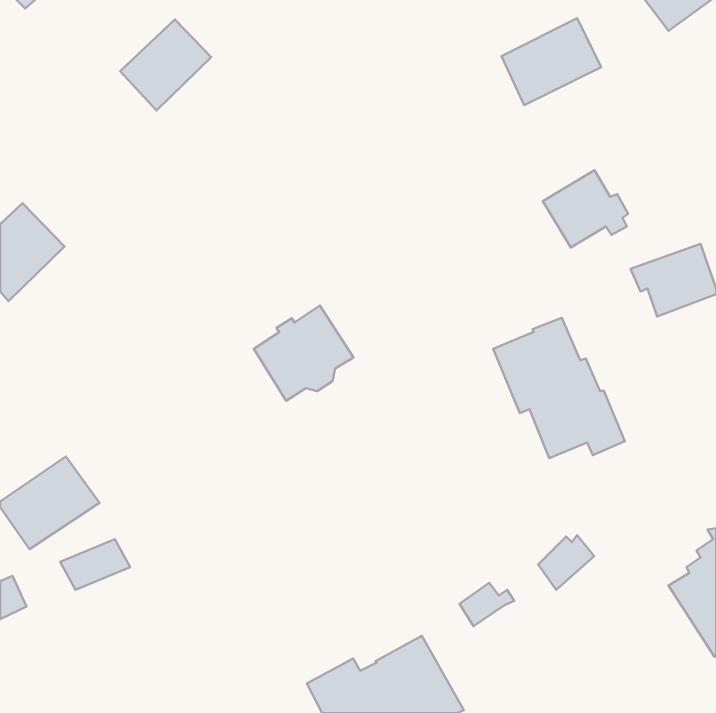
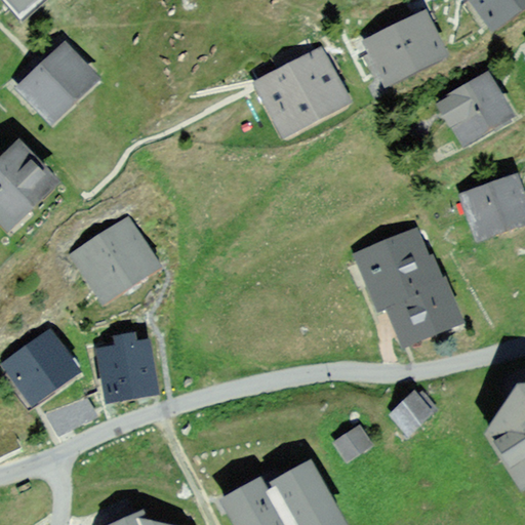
building: [120,19,211,110] -> [23,48,89,115]
building: none -> [253,49,342,129]
building: [543,170,628,247] -> [446,80,509,136]
building: [254,306,353,401] -> [78,224,151,293]
building: none -> [100,335,153,396]

